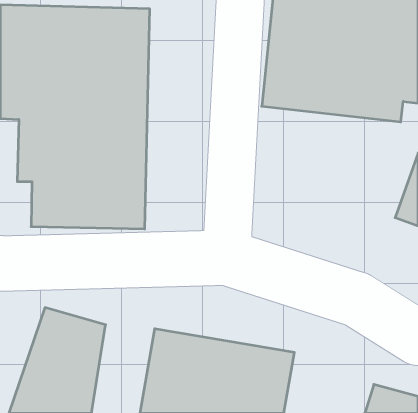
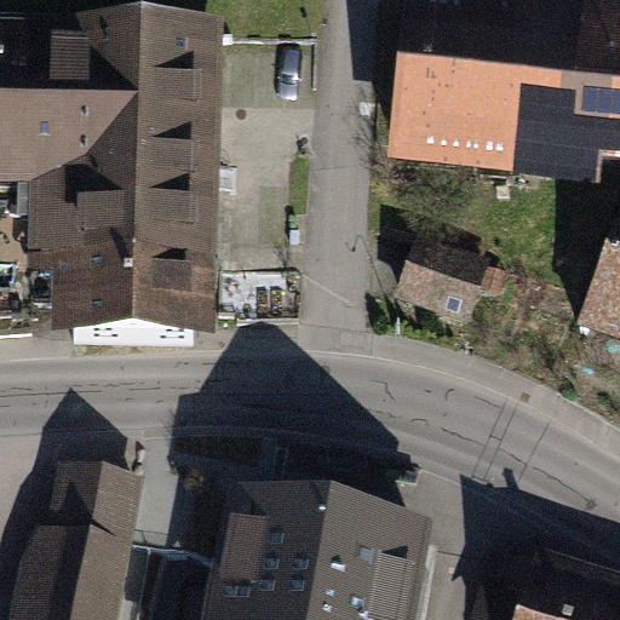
building: none -> [392,229,490,322]

